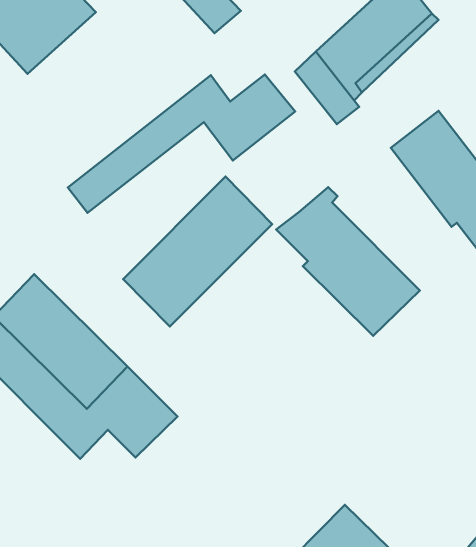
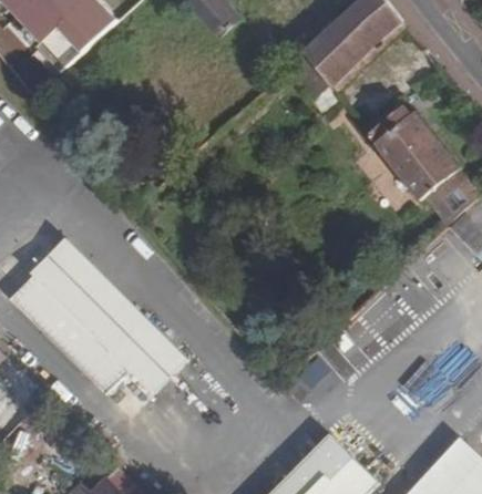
building: [68,74,295,213] -> none
building: [123,177,272,327] -> none
building: [276,187,420,336] -> none

